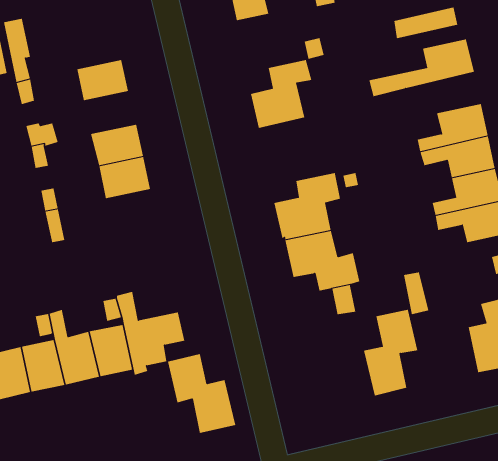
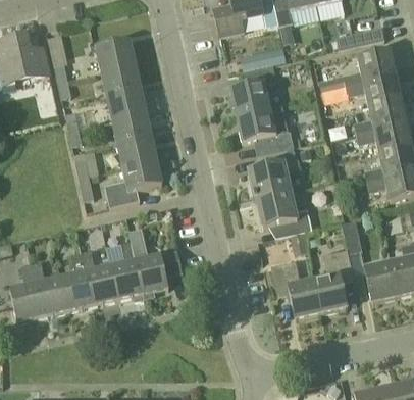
building: none -> [96,40,135,71]
building: none -> [345,73,401,104]
building: none -> [106,88,146,119]
building: none -> [236,105,293,154]
building: none -> [103,160,161,207]
building: none -> [364,262,398,302]
building: [167,353,236,433] -> [270,260,321,319]

